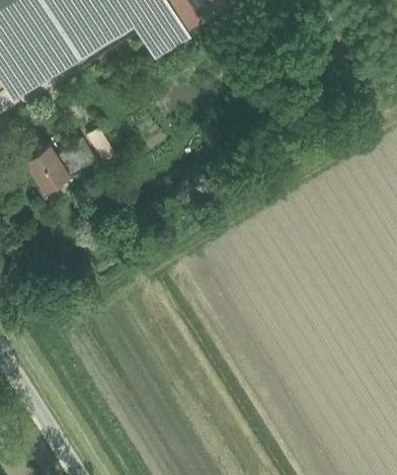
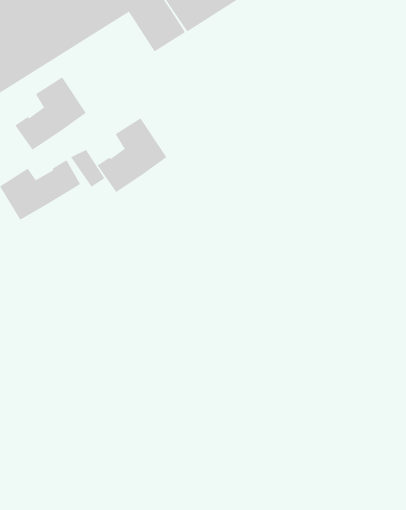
building: none -> [15,77,86,150]
building: none -> [97,118,167,193]

